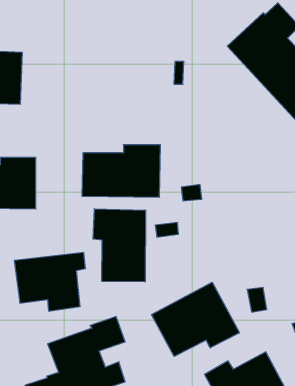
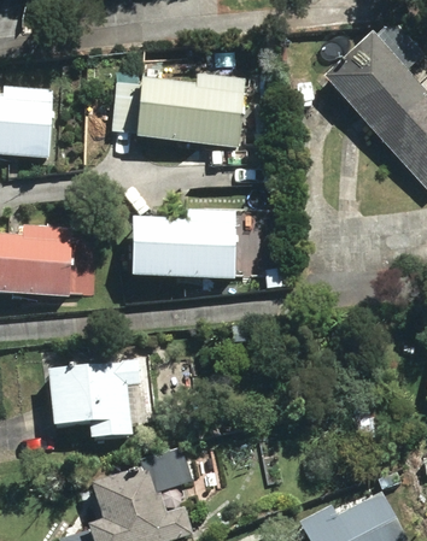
building: none -> [113,76,246,148]
building: [93,209,146,282] -> none
building: [152,282,239,356] -> none

